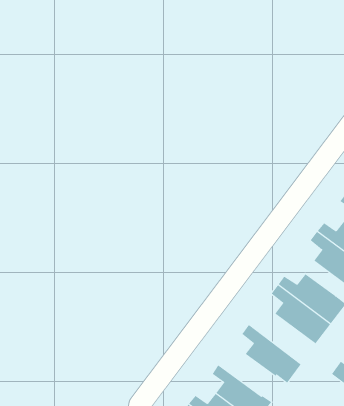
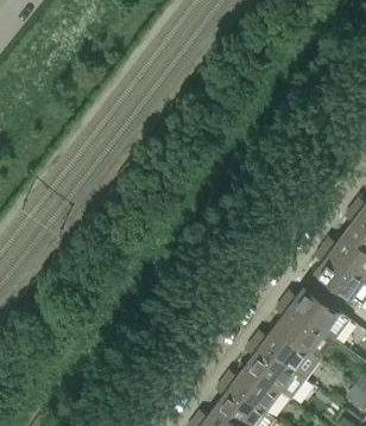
building: none -> [252,330,320,381]
building: none -> [221,370,279,413]

